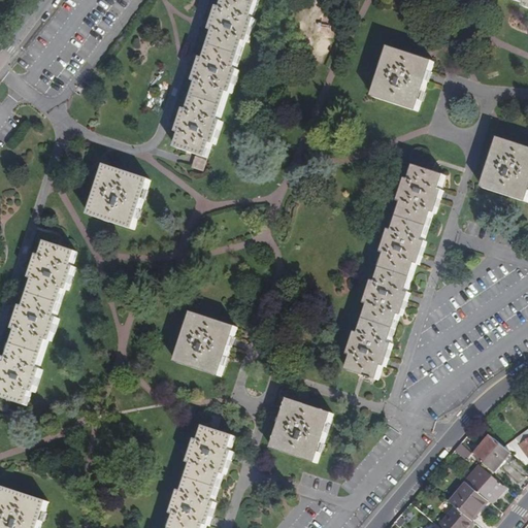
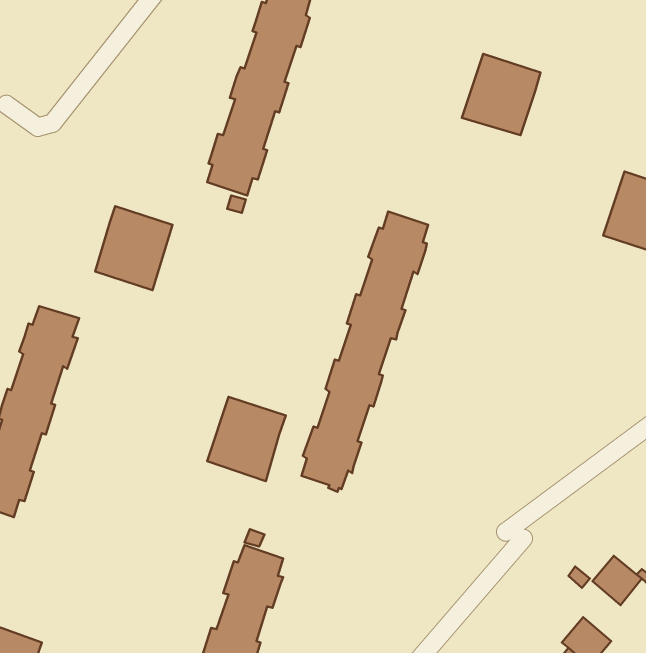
building: [342,164,440,381] -> [301,211,428,492]
building: [268,397,329,462] -> none
building: [460,464,500,502] -> none

